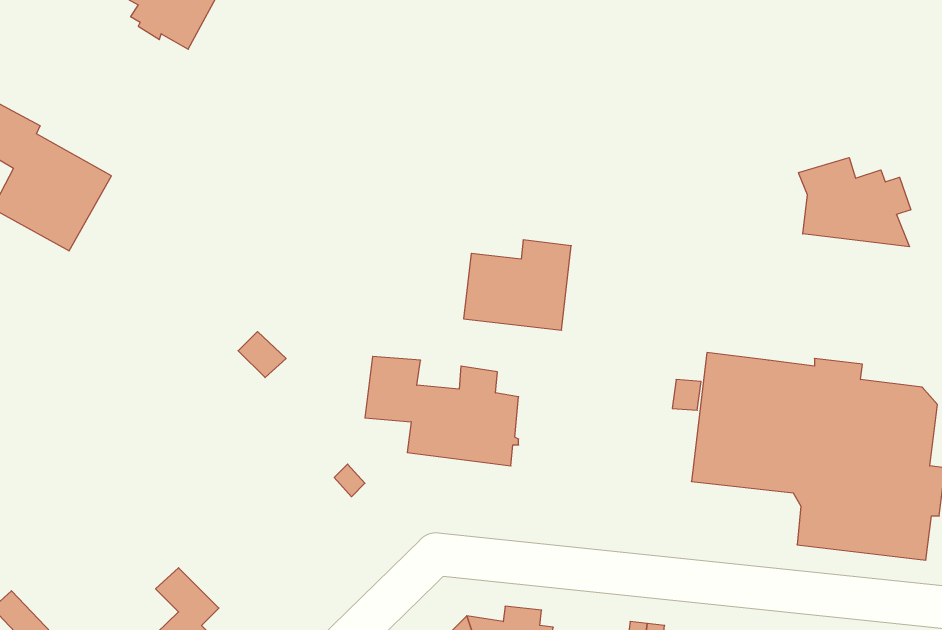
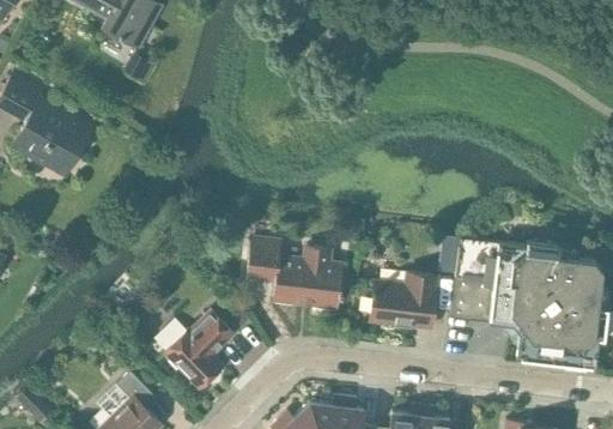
building: [799,158,911,247] -> none
building: [464,240,571,330] -> [369,272,436,328]
building: none -> [164,310,233,388]

